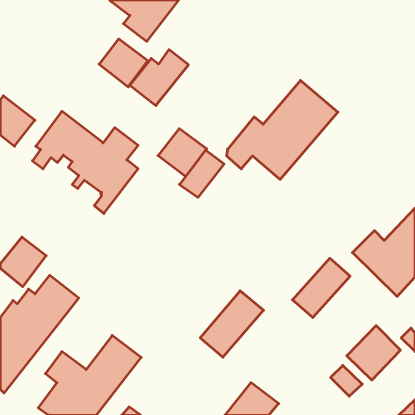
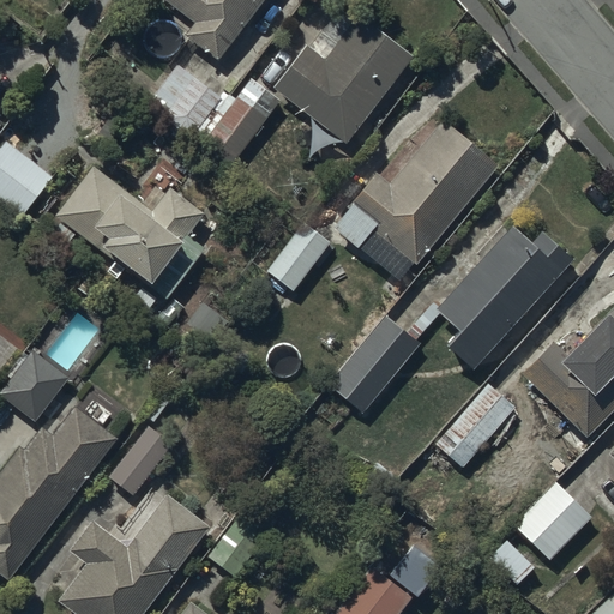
building: none -> [272,8,413,145]
building: [158,129,207,177] -> none
building: none -> [435,224,574,372]
building: none -> [107,425,173,496]
building: [200,291,264,357] -> [327,315,421,414]

